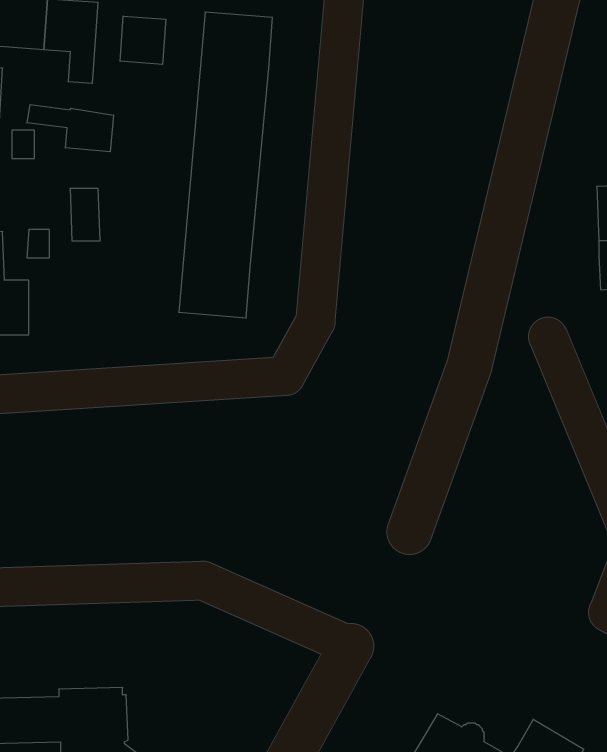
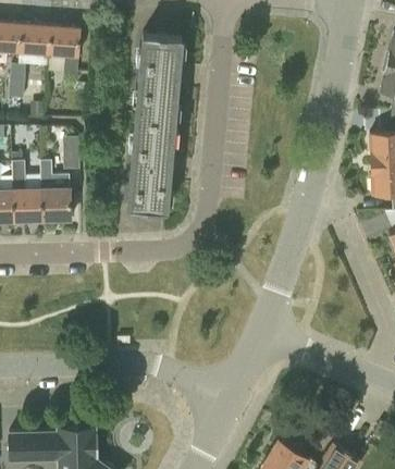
building: [120,16,166,64] -> none
building: [27,105,113,152] -> none
building: none -> [40,188,71,221]

